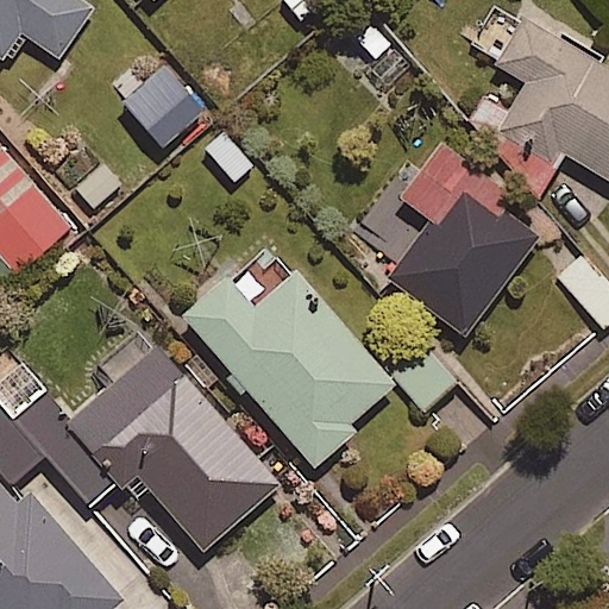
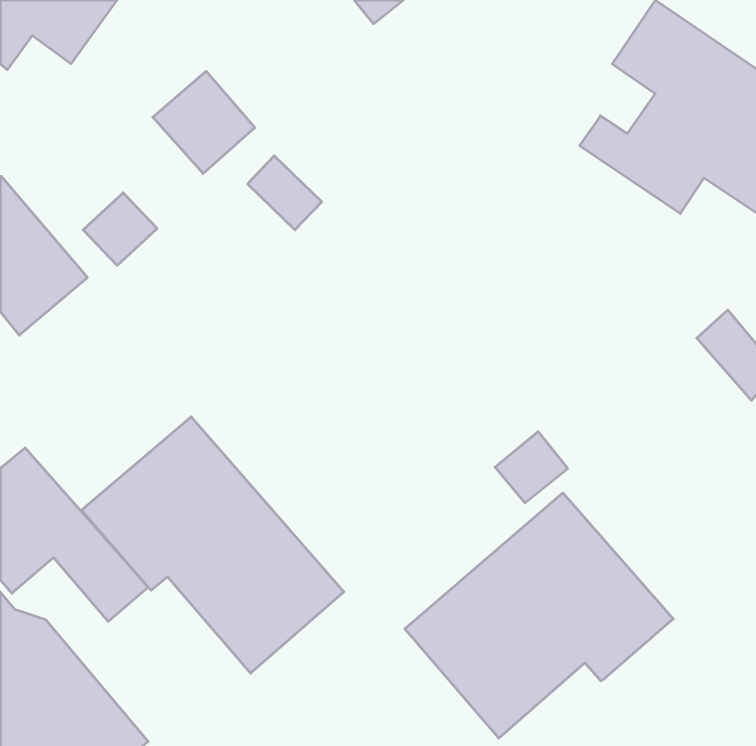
building: [385,143,541,331] -> none
building: [183,240,391,465] -> none
building: none -> [405,493,673,738]

